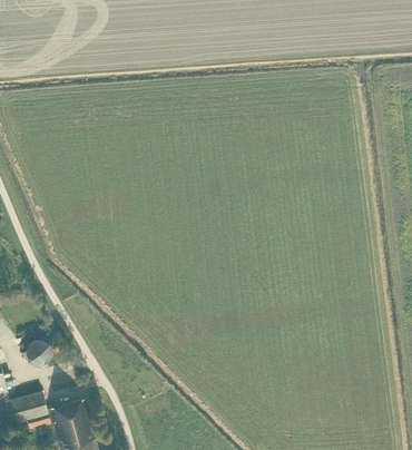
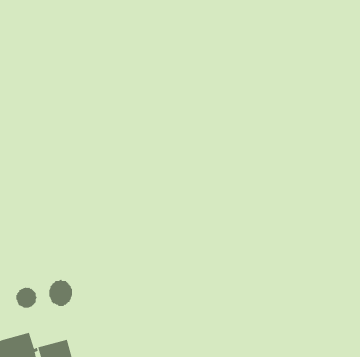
building: none -> [49,279,73,307]

